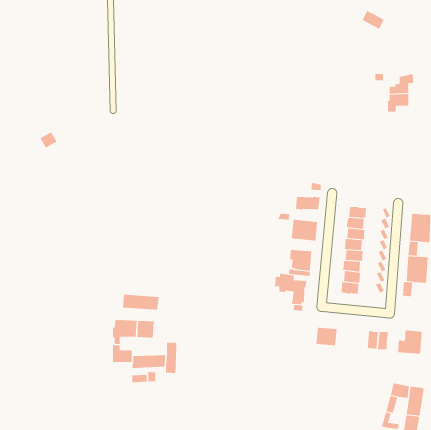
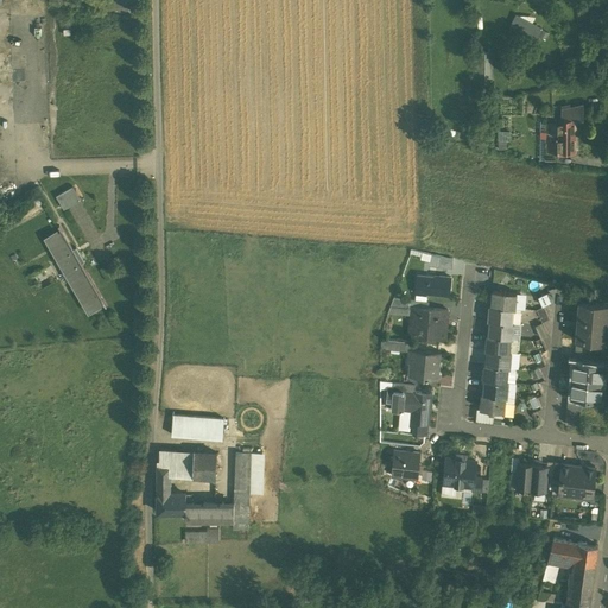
building: none -> [48,230,104,311]
building: none -> [234,452,265,494]
building: none -> [392,455,419,481]

